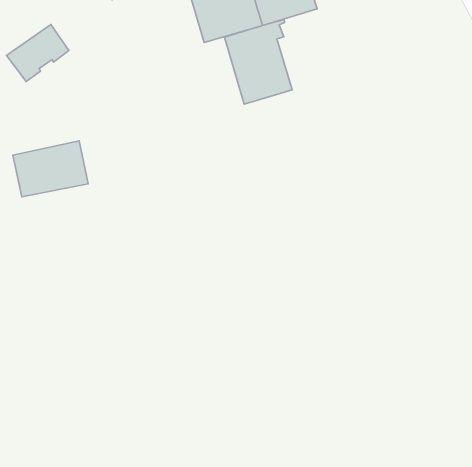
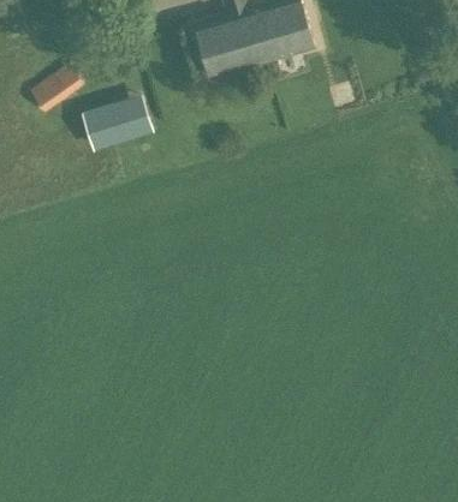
building: [225,20,292,104] -> none
building: [13,141,88,197] -> [82,94,151,145]

